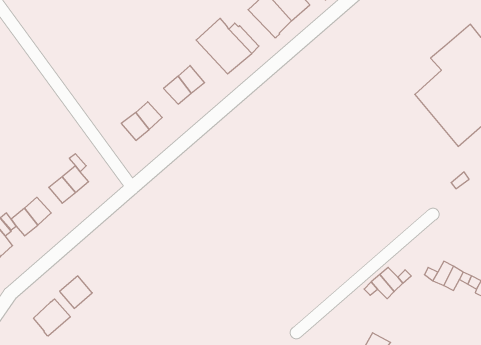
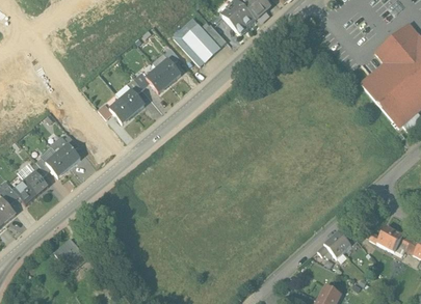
building: [34,299,70,336] -> none

